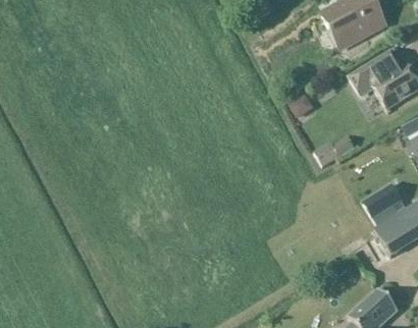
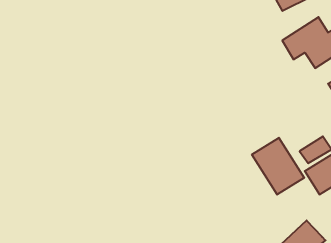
building: none -> [252,138,304,195]

